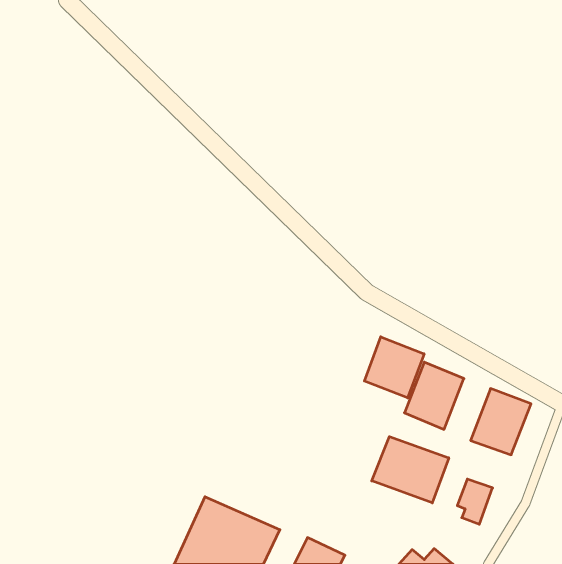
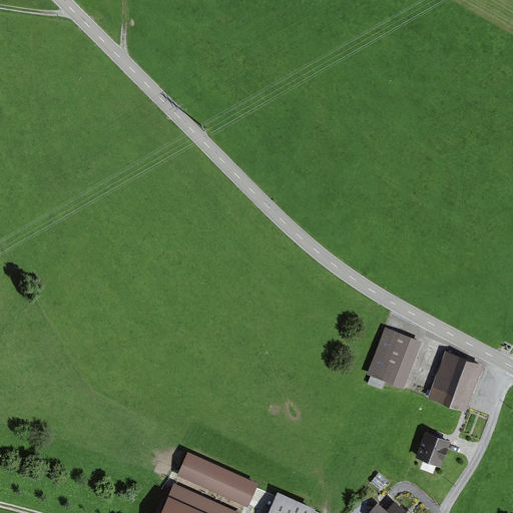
building: [364,337,424,398] -> none
building: [372,437,449,503] -> none

